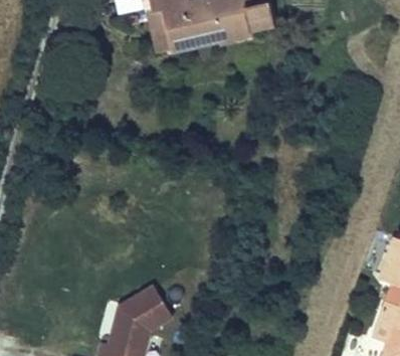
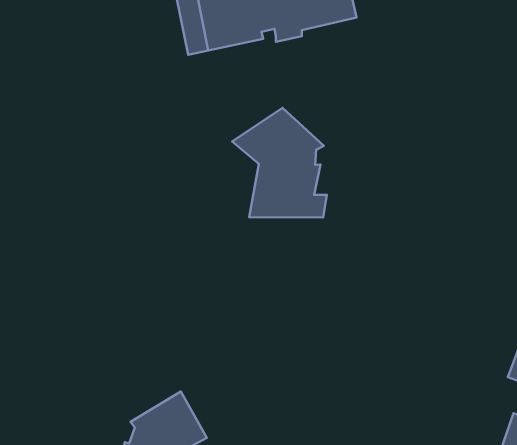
building: none -> [232,108,327,218]

